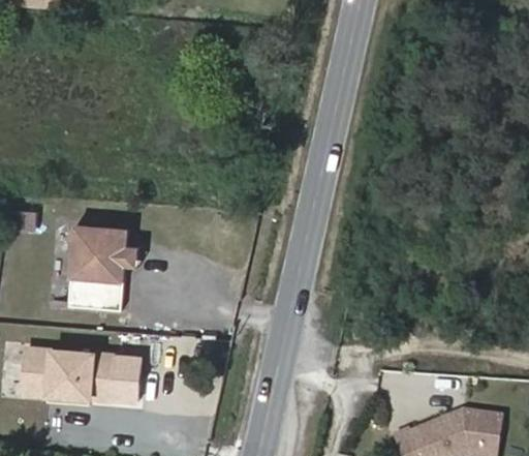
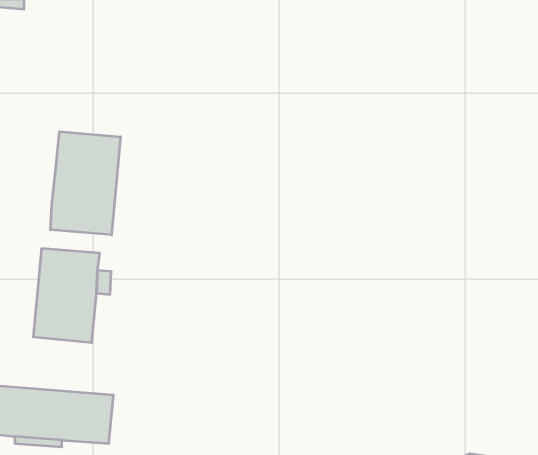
building: none -> [51,132,121,235]

